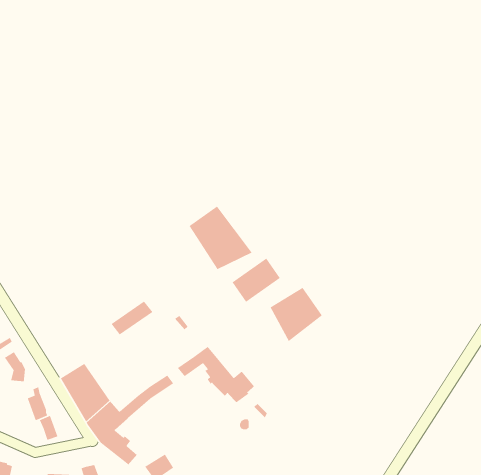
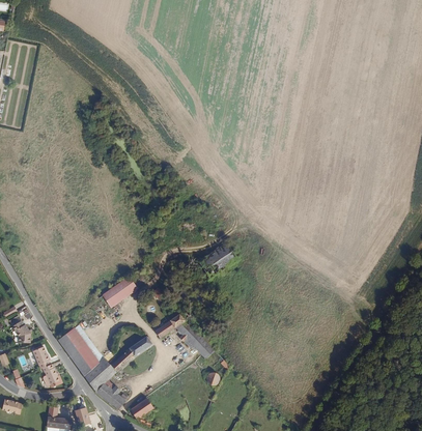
building: [188,206,253,270] -> none
building: [270,287,323,342] -> none

